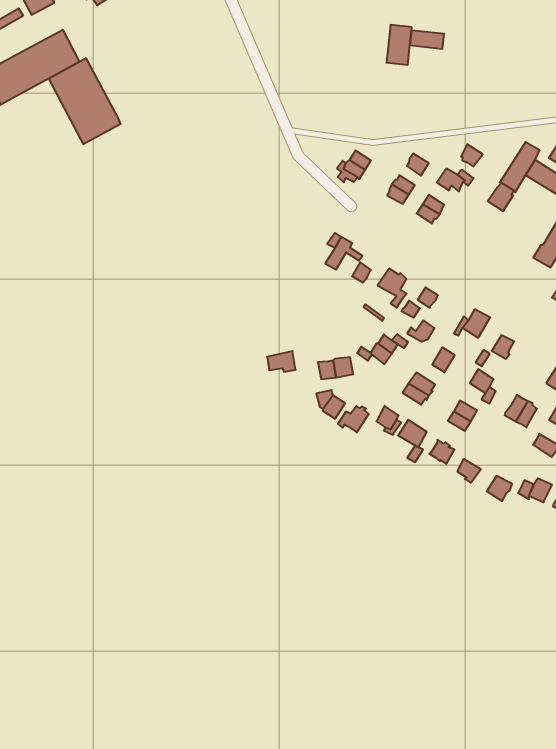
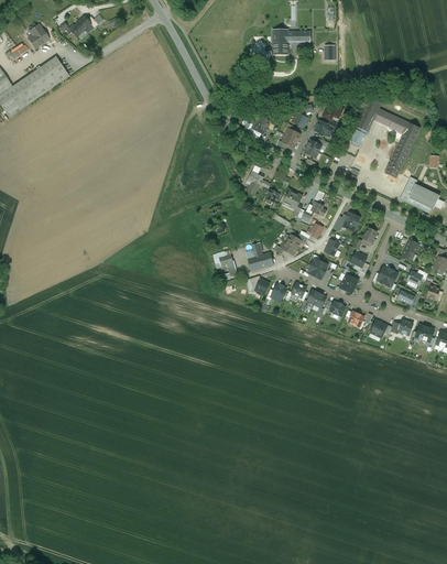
building: [49,58,121,144] -> none

